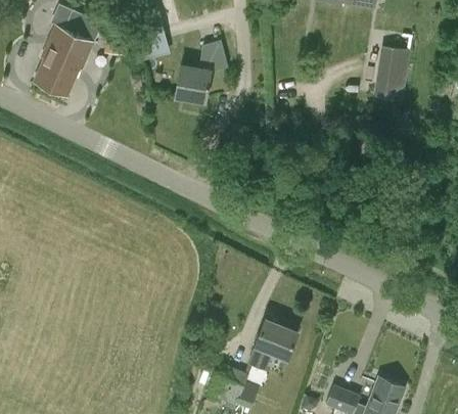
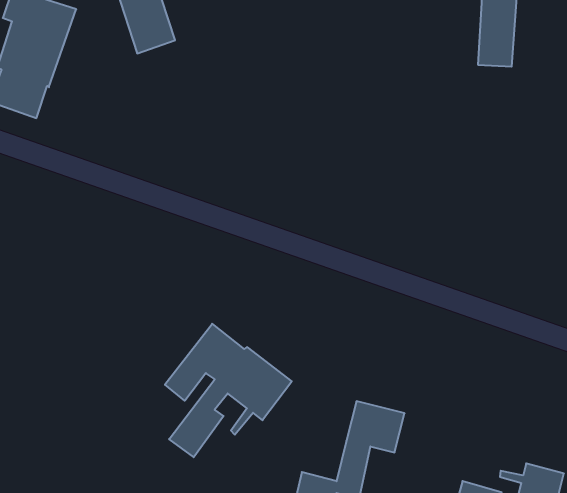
building: [175,41,227,102] -> none
building: none -> [165,324,292,457]

